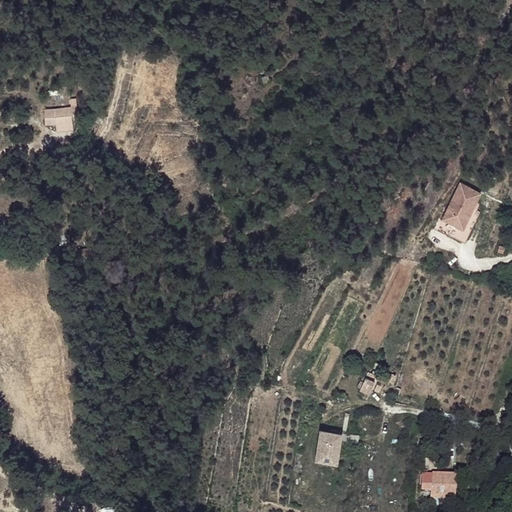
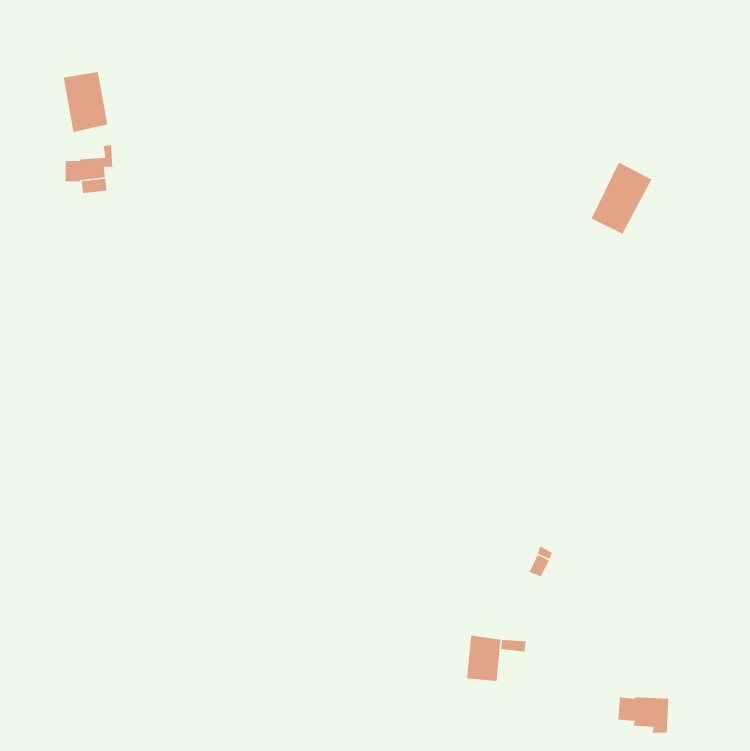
building: none -> [63,71,108,133]
building: [440,181,482,231] -> [591,161,652,235]

